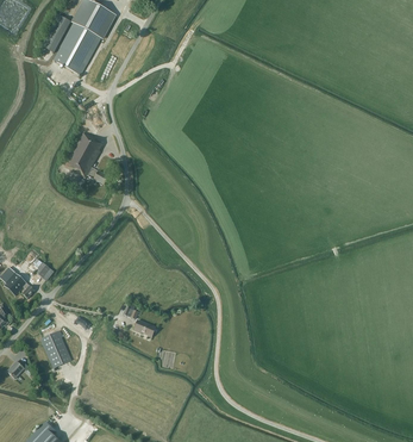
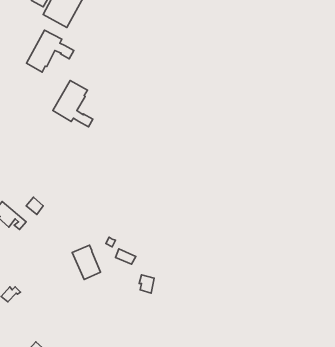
building: none -> [26,30,74,72]
building: [42,329,73,367] -> [72,245,100,280]

